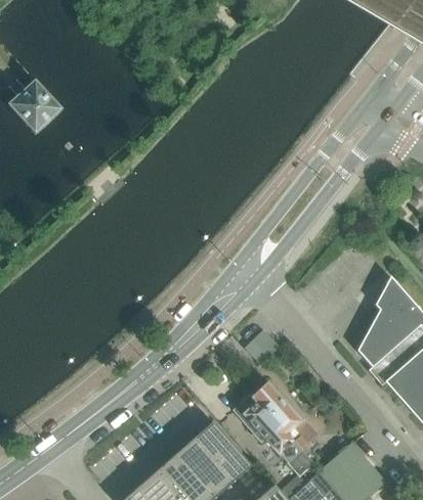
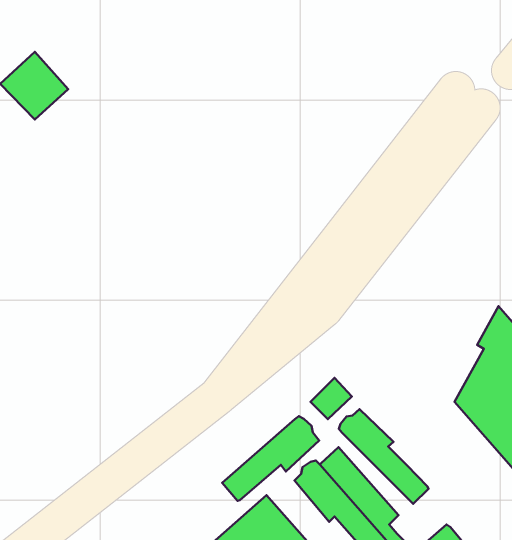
building: none -> [339,409,428,504]
building: none -> [222,416,319,501]

